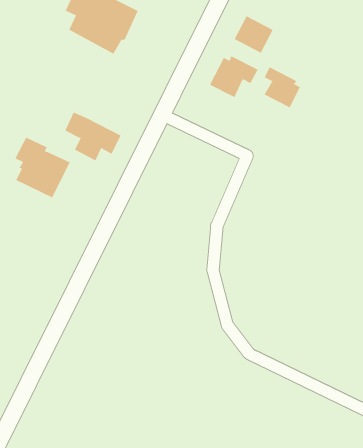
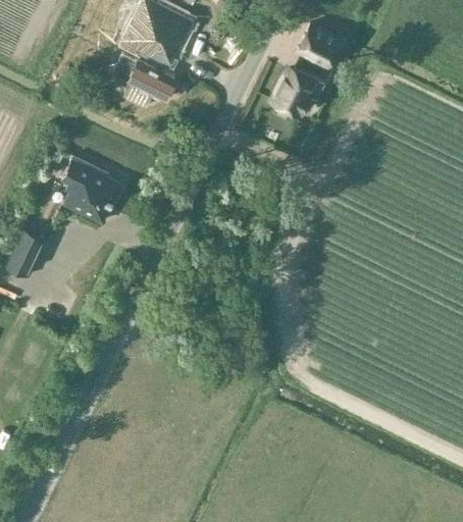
building: [264,66,301,108] -> none
building: [65,112,121,161] -> [114,54,175,107]

